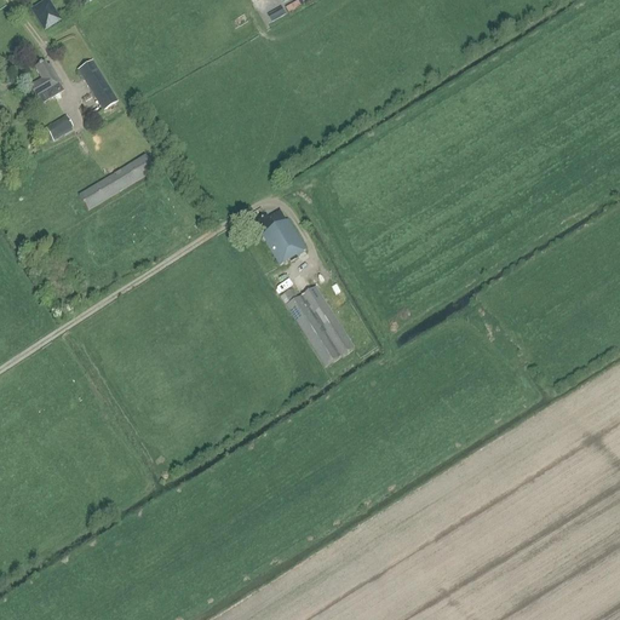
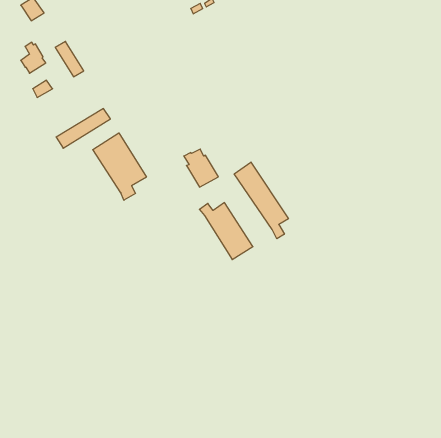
building: none -> [93,133,146,200]
building: none -> [234,162,288,239]

